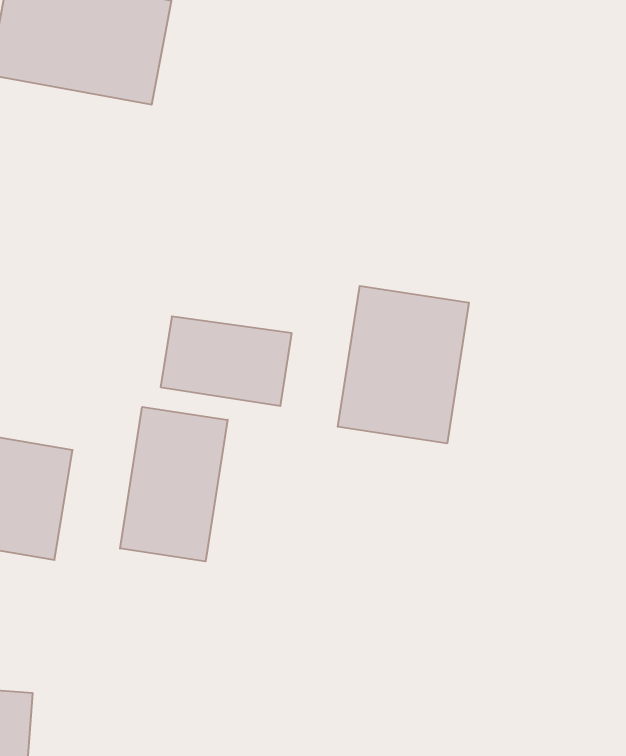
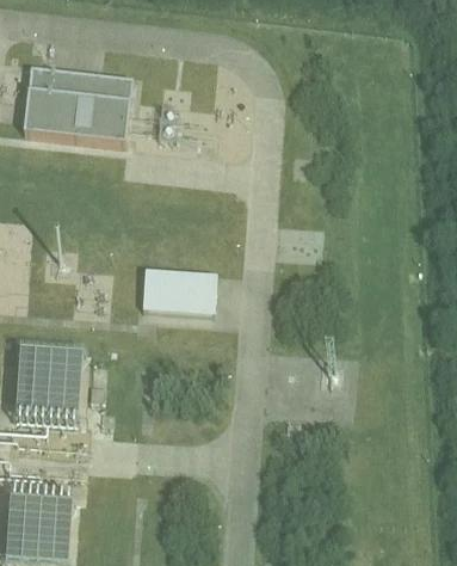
building: [338,286,469,443] -> none
building: [120,407,228,561] -> none

